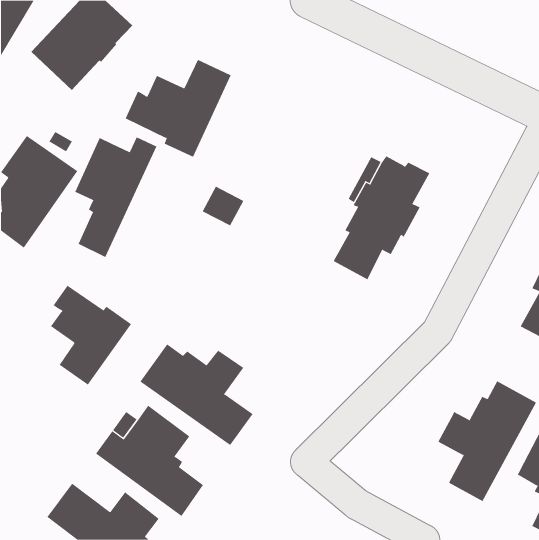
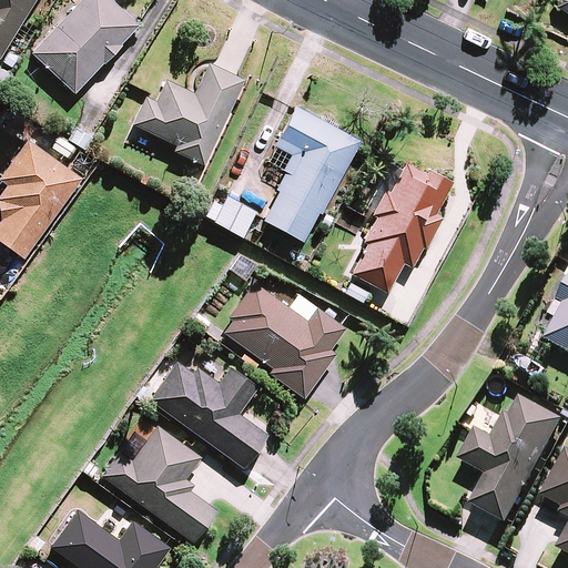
building: none -> [263,105,361,242]
building: [74,136,157,258] -> none
building: none -> [223,282,345,399]
building: [50,285,132,385] -> none

